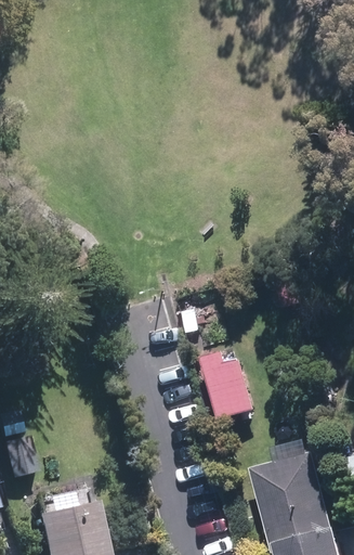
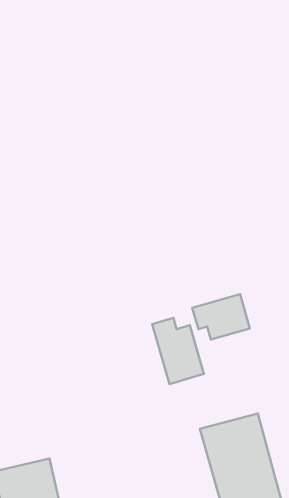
building: none -> [192,294,250,340]

